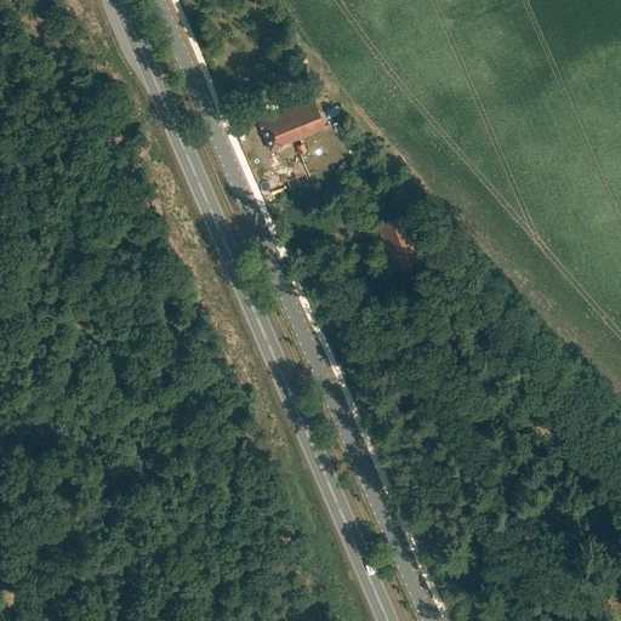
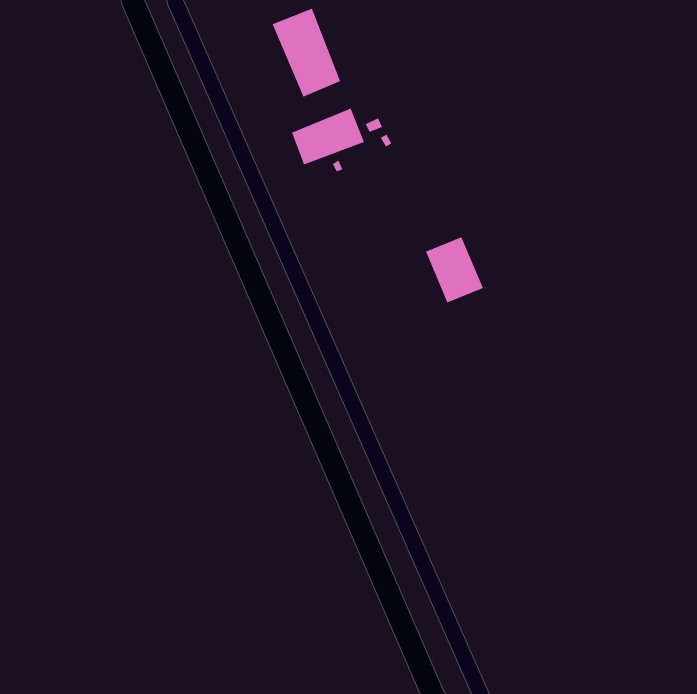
building: none -> [272,8,341,98]

